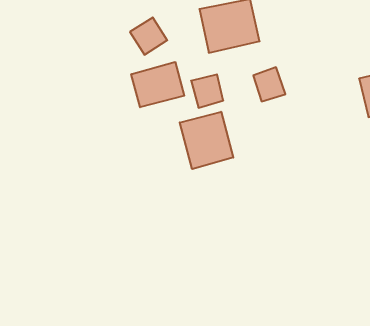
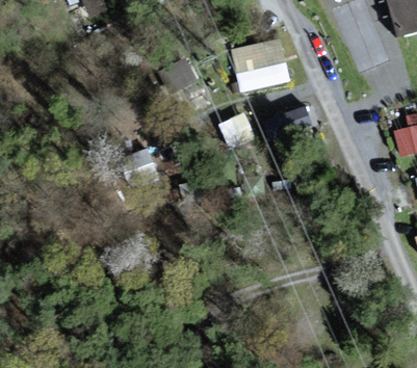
building: [131,62,184,107] -> none
building: [180,112,233,169] -> none

